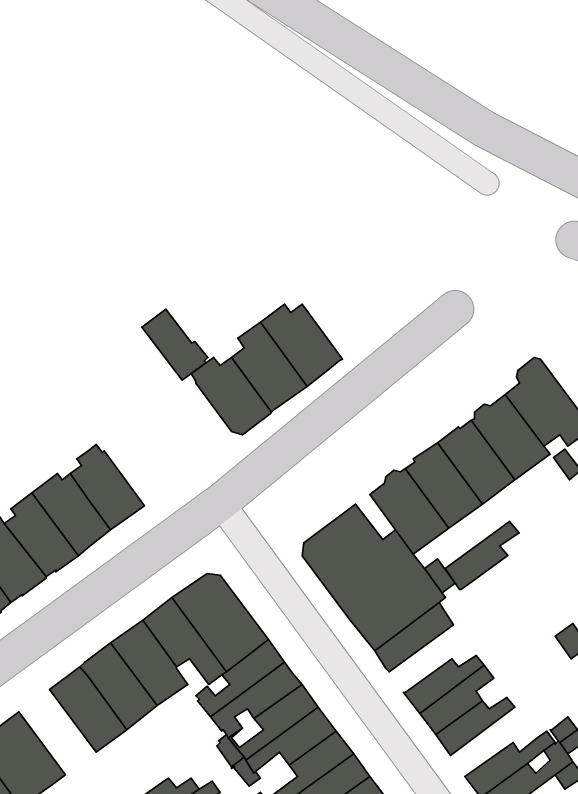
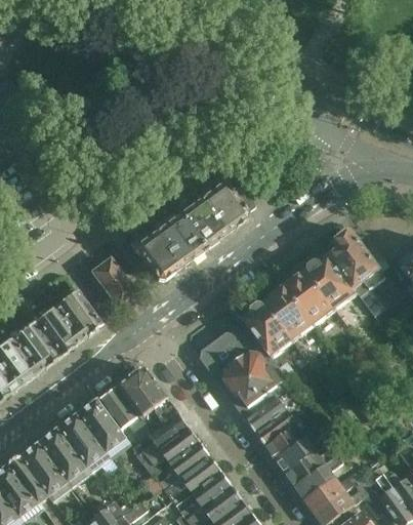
building: none -> [199,177,253,234]
building: [142,309,208,380] -> [90,260,132,306]
building: [445,522,519,589] -> [254,403,301,446]
building: none -> [18,444,68,498]
building: none -> [293,455,339,499]

